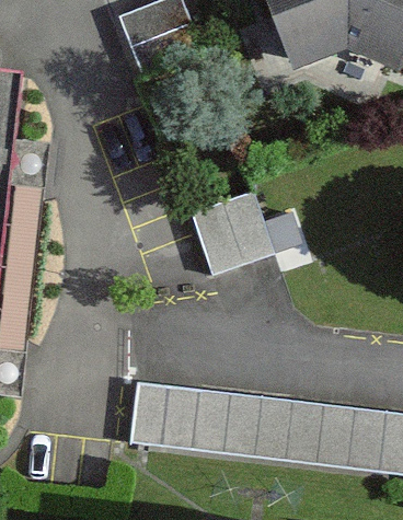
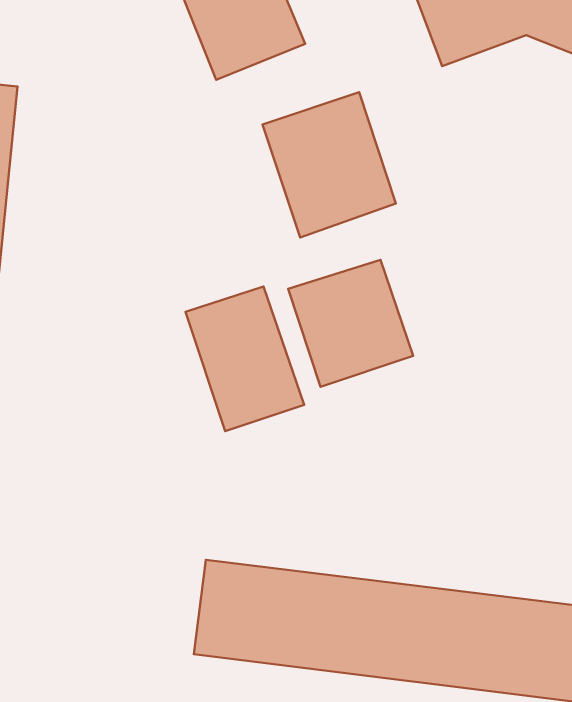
building: none -> [262,92,396,237]
building: none -> [186,287,304,431]

